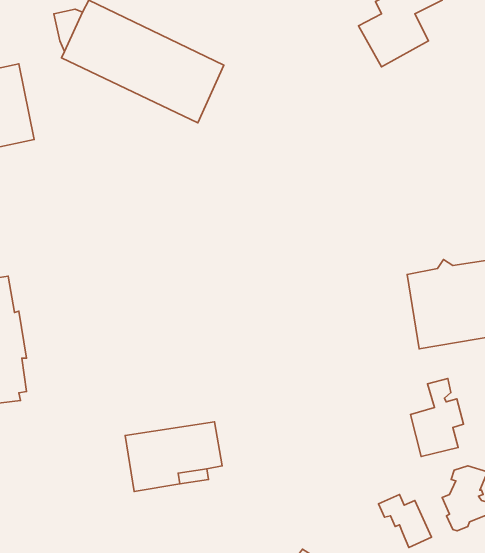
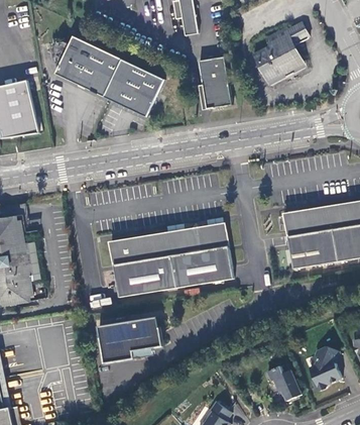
building: none -> [198,56,231,107]
building: none -> [111,226,232,296]
building: [410,378,464,457] -> none

